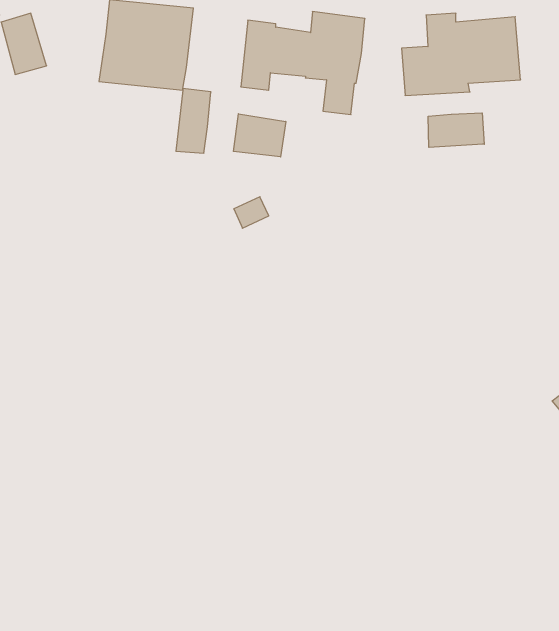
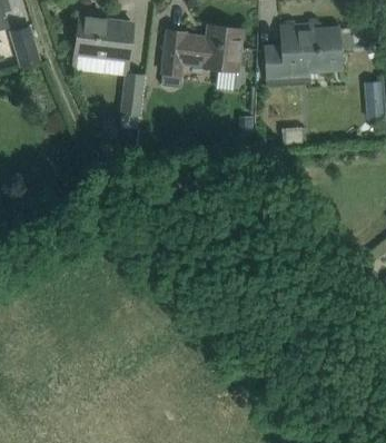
building: [428,113,484,147] -> none
building: [233,114,286,157] -> none

